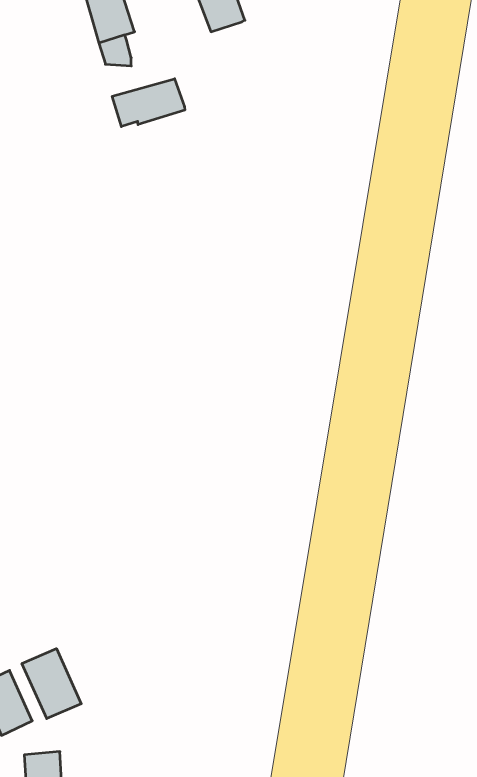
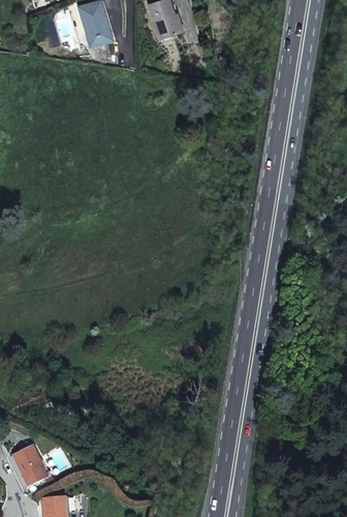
building: [112,79,185,127] -> none
building: [22,649,81,719] -> none

